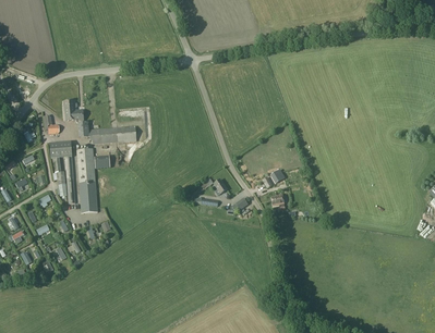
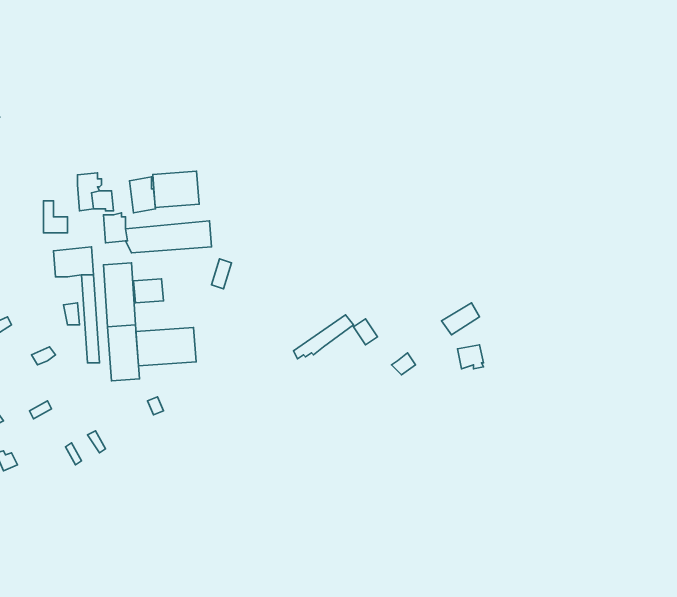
building: none -> [153,171,199,207]
building: none -> [136,327,196,366]

